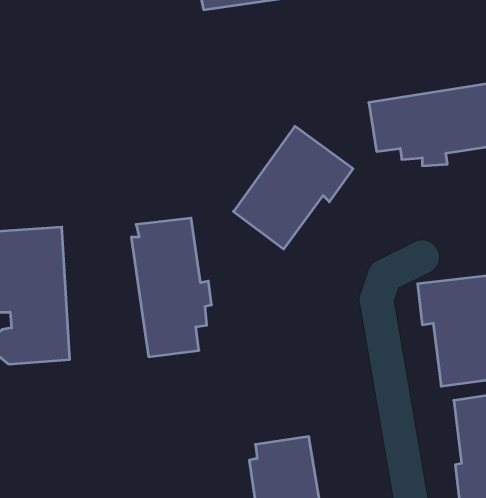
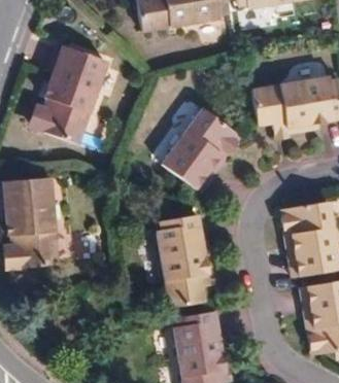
building: none -> [34,38,109,137]
building: [131,218,212,357] -> [160,211,212,302]

